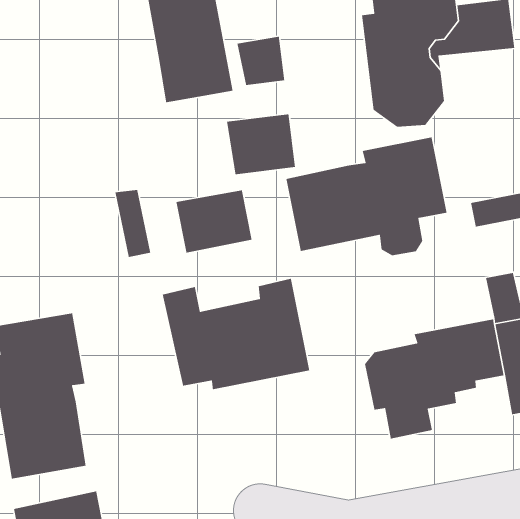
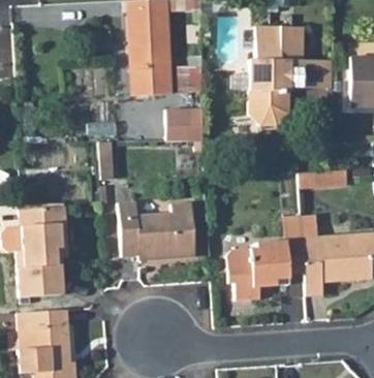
building: [285,137,448,256] -> none
building: [175,189,253,253] -> none

